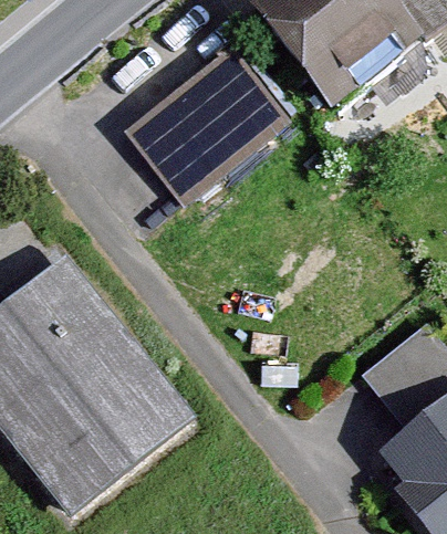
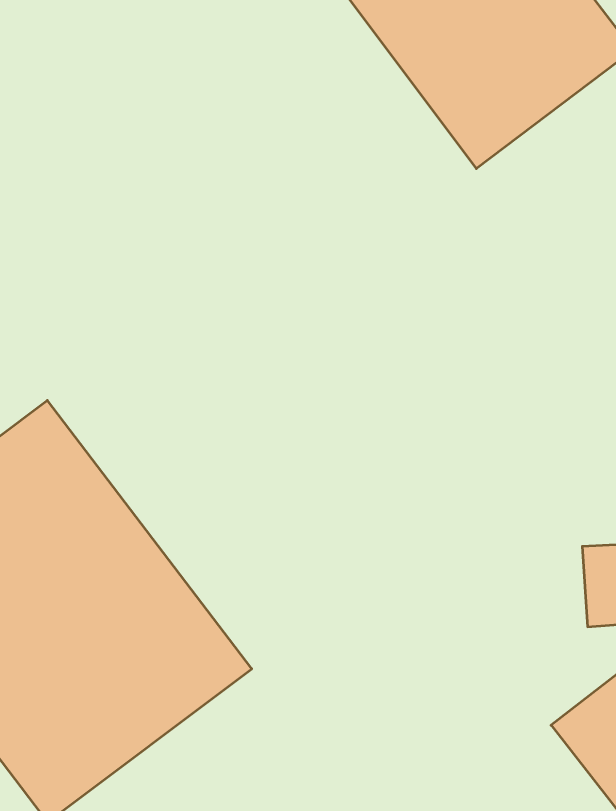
building: [126,44,288,198] -> none

